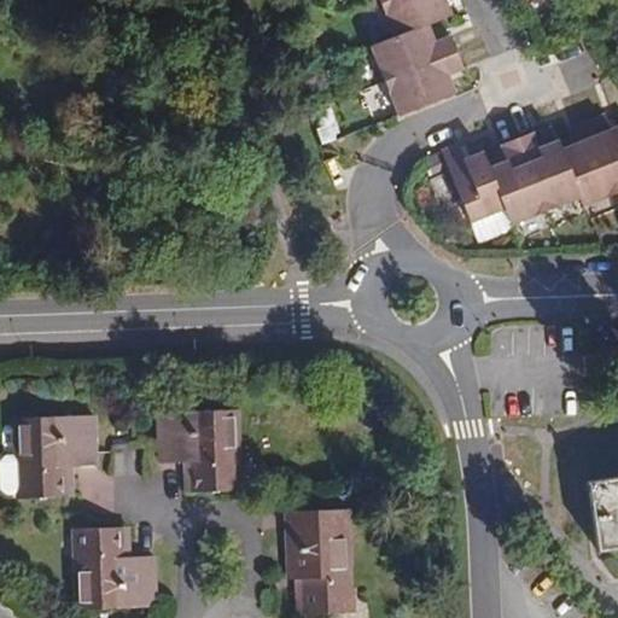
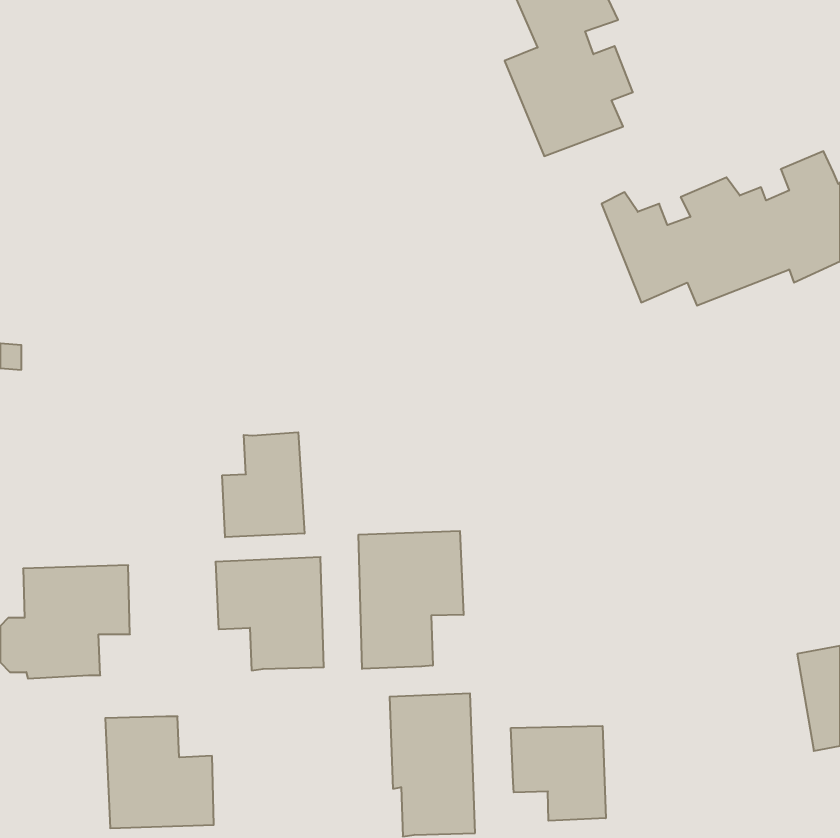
building: none -> [222,432,304,537]
building: none -> [359,531,464,669]
building: none -> [511,726,606,821]

